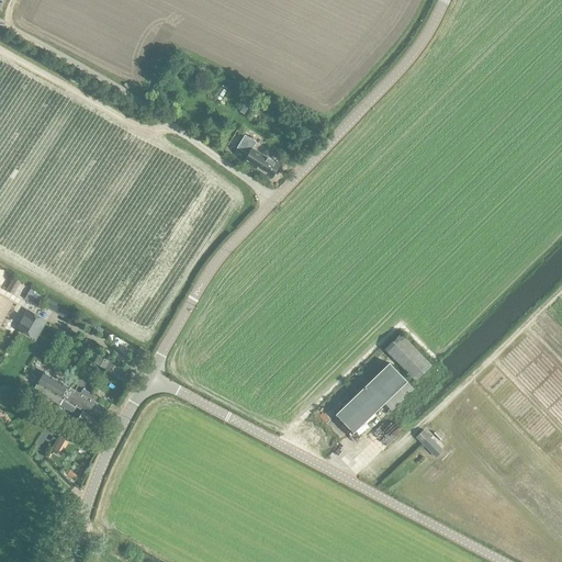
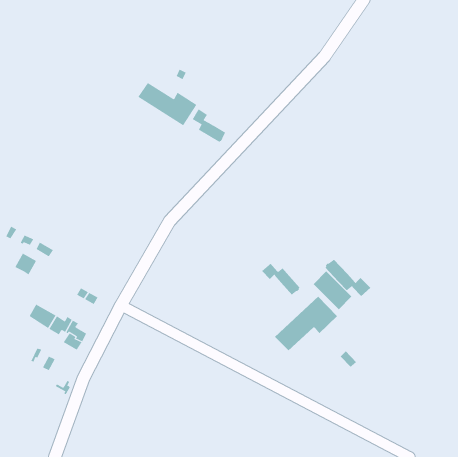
building: none -> [137,82,197,126]
building: none -> [325,259,371,297]
building: none -> [261,263,300,295]

